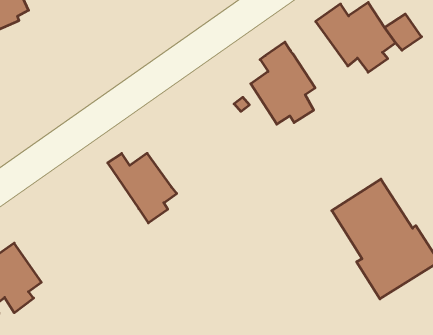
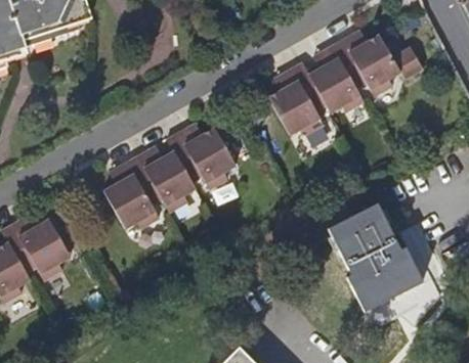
building: none -> [309,52,364,118]
building: none -> [166,130,234,192]
building: none -> [102,158,160,231]

